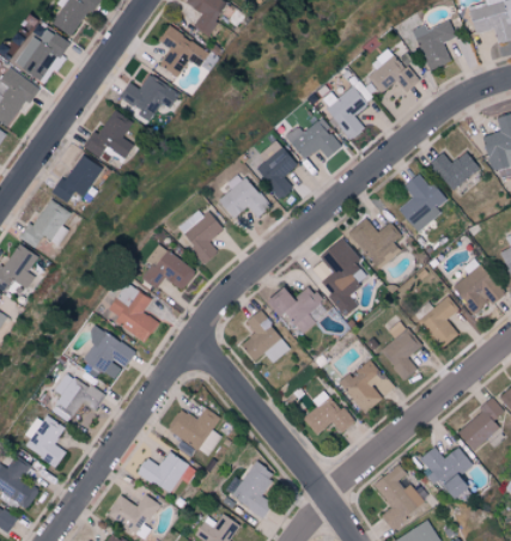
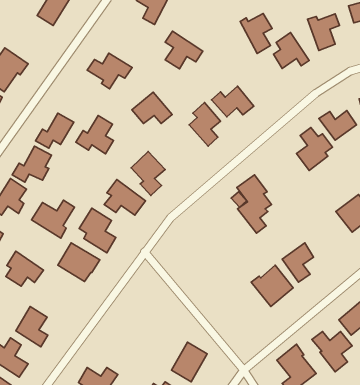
building: [13,25,68,85] -> none
building: [158,26,208,77] -> [165,31,203,69]
building: [323,87,366,141] -> [240,13,272,54]
building: [83,110,133,162] -> [76,115,113,154]
building: [217,176,270,218] -> [132,92,172,123]
building: [348,217,401,269] -> none
building: none -> [31,200,74,238]
building: [264,285,322,334] -> none
building: [414,296,460,348] -> none
building: [239,310,290,363] -> none
building: [54,371,104,418] -> [6,251,44,286]
building: [303,389,353,434] -> none
building: [168,407,223,456] -> none
building: [136,451,188,493] -> none

